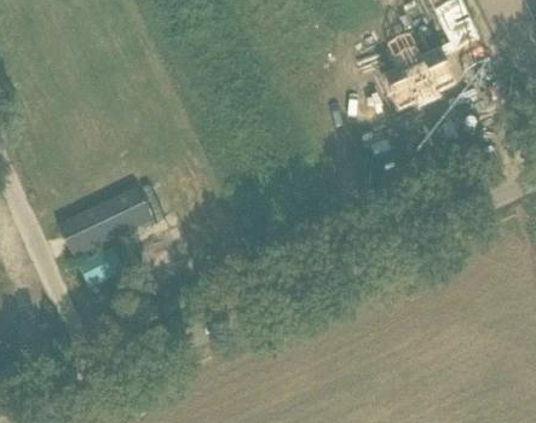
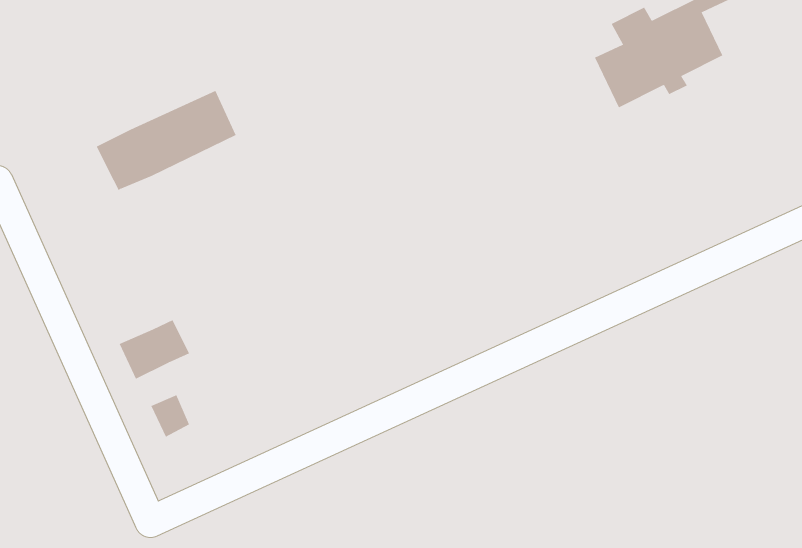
building: [60,187,151,253] -> [96,90,236,191]

